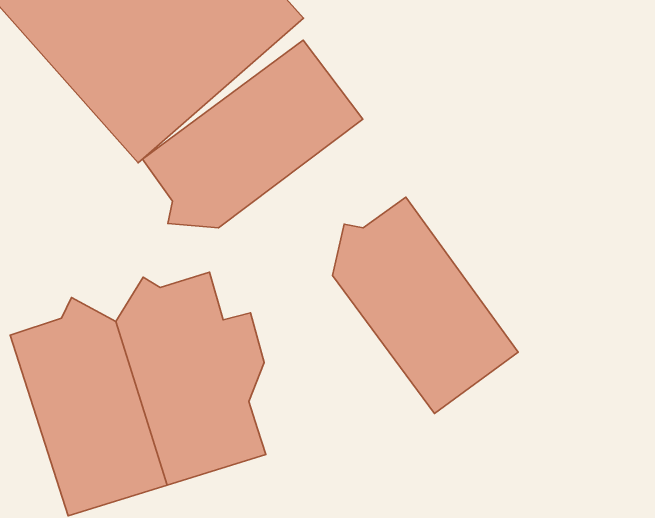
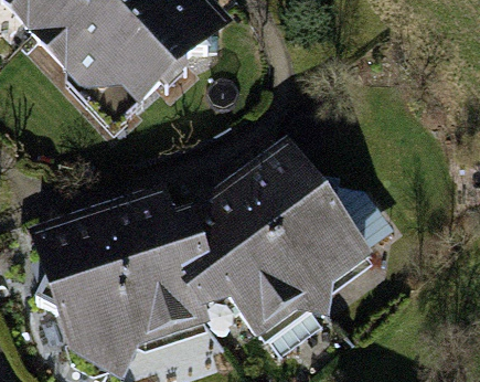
building: [142,40,363,228] -> none
building: none -> [192,203,312,337]

